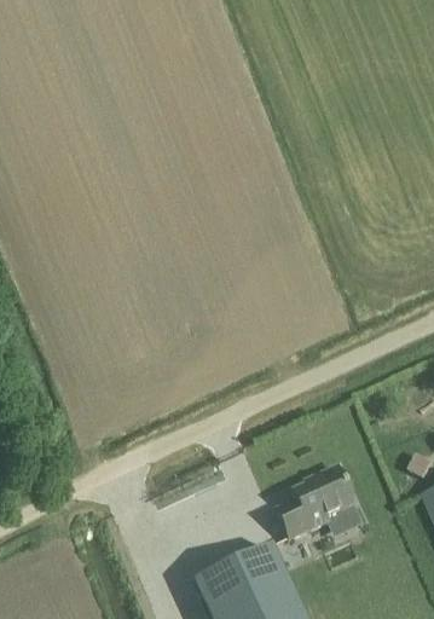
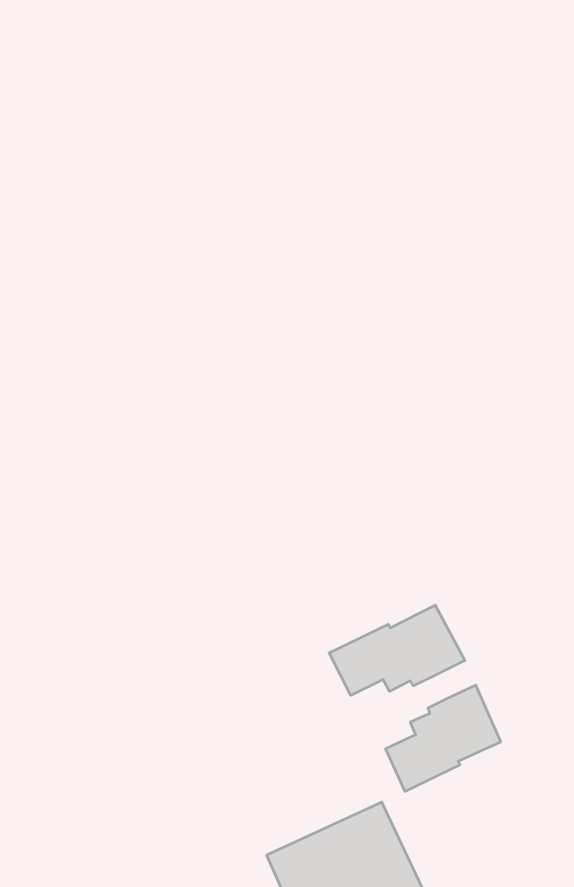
building: none -> [329,605,465,695]

